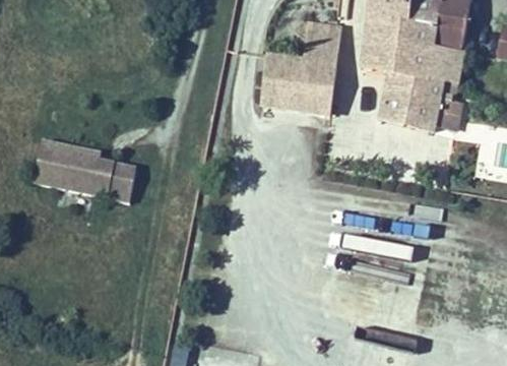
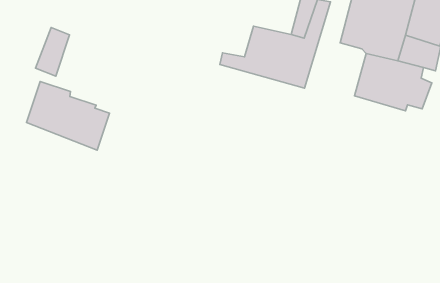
building: [35,138,64,186] -> [35,27,70,76]

